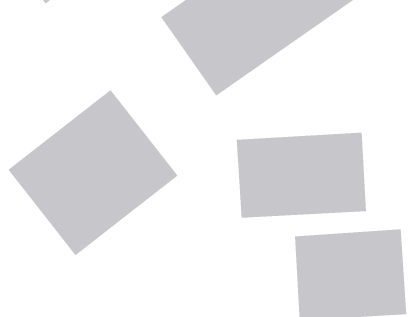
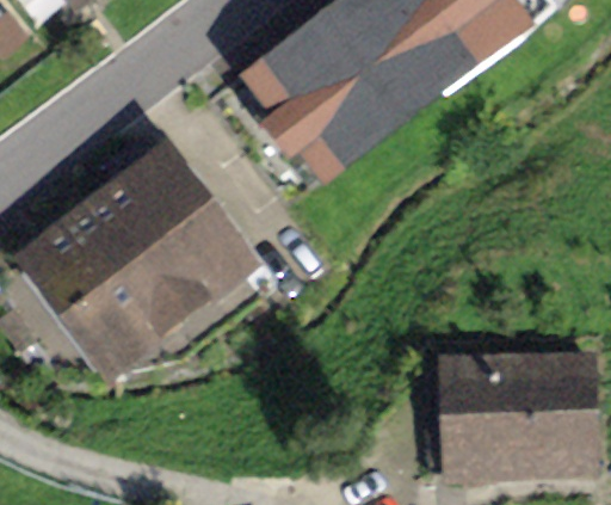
building: [236,132,366,219] -> none

